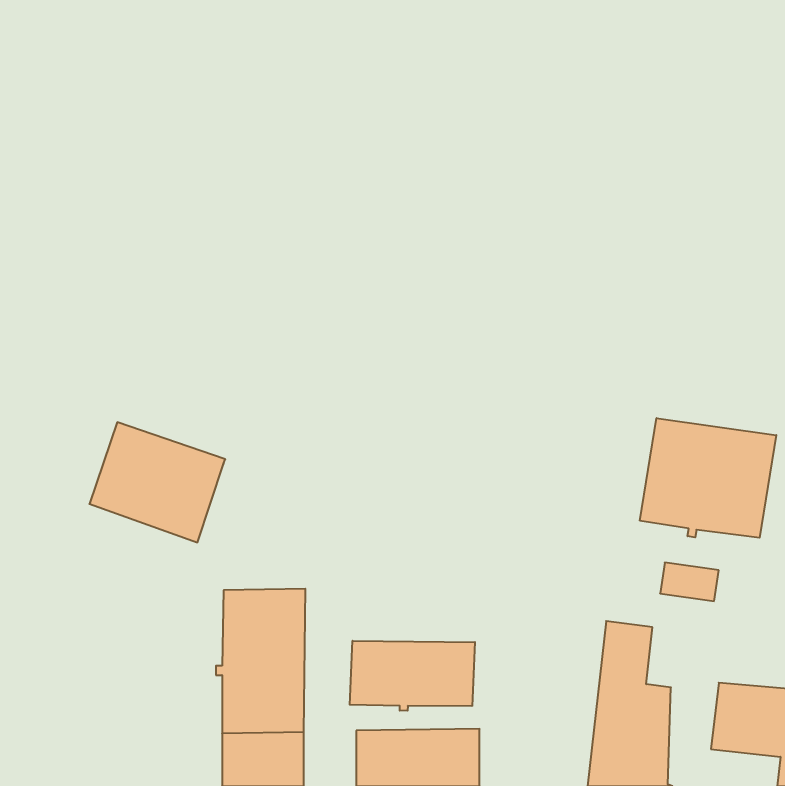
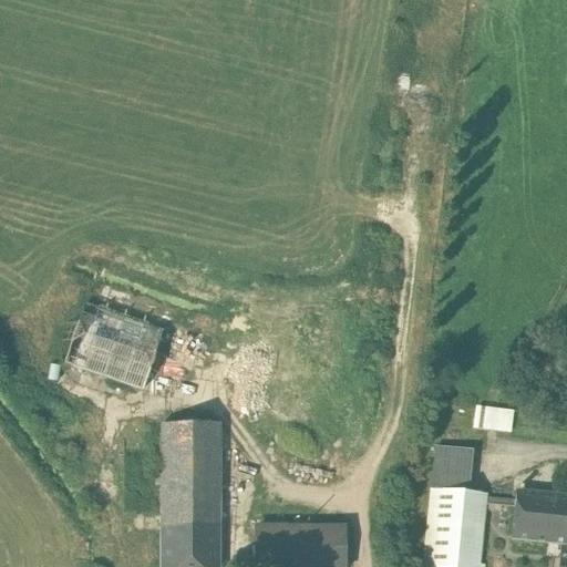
building: [640,418,776,538] -> none
building: [350,641,475,711] -> none

